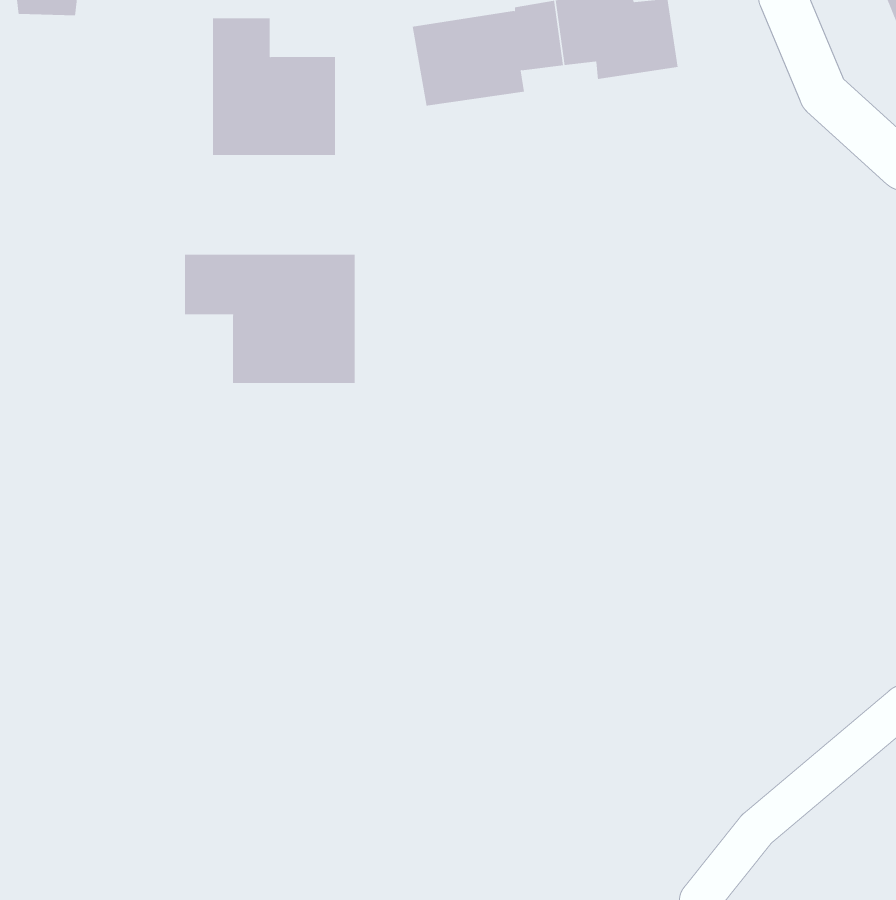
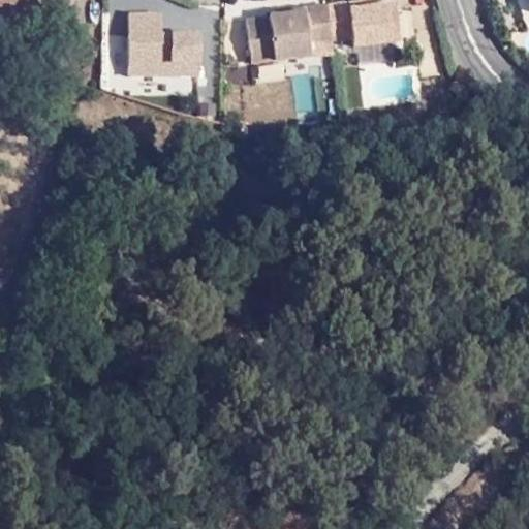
building: [184,254,355,384] -> none

